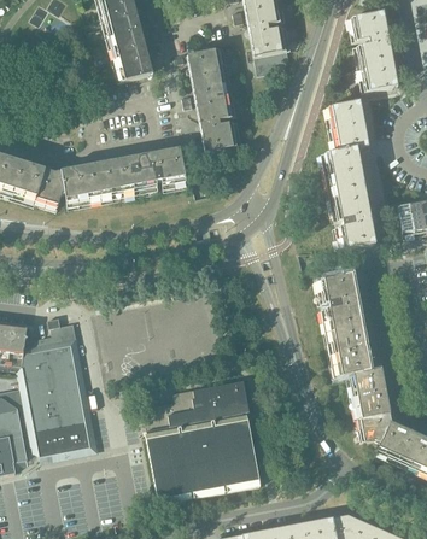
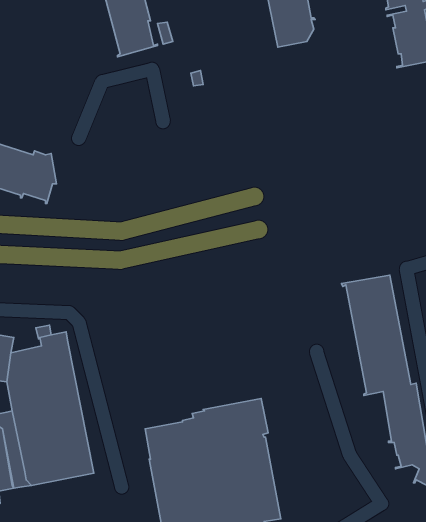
building: [187,47,241,151] -> none
building: [320,99,380,250] -> none
building: [60,143,187,207] -> none

